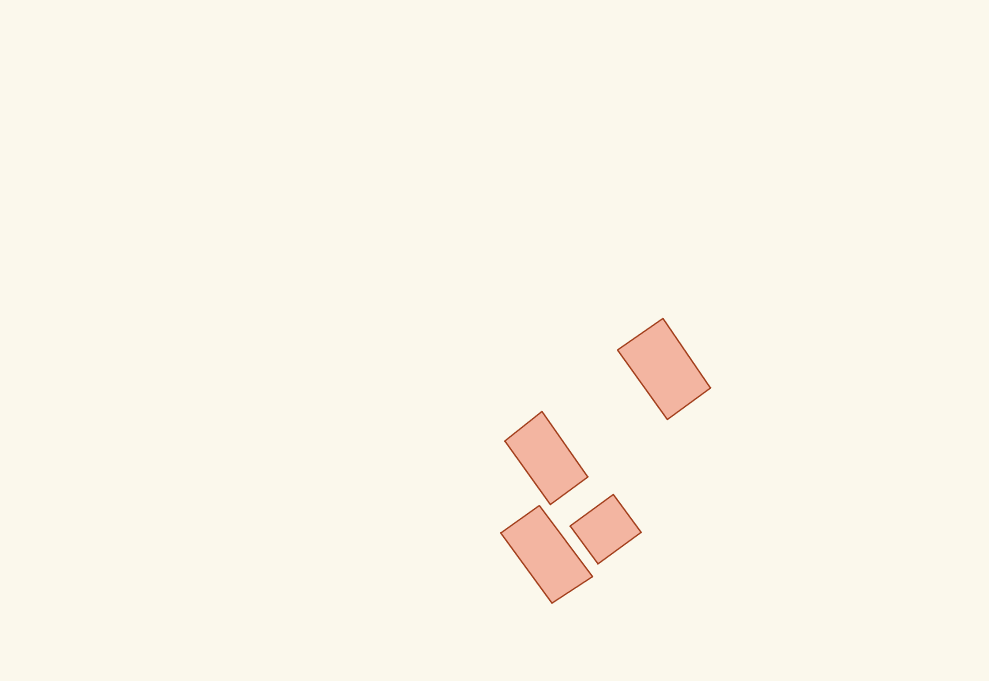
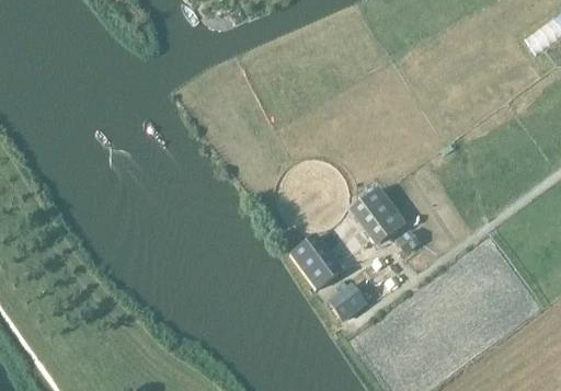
building: [501,506,592,603] -> none

